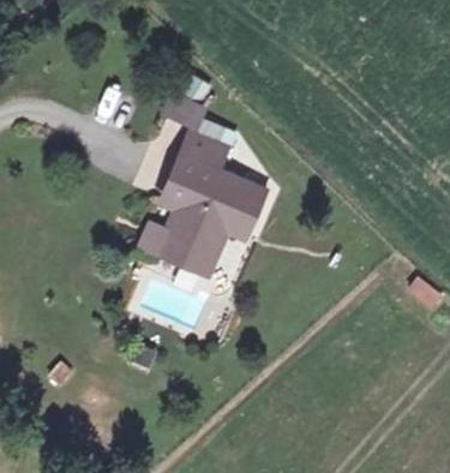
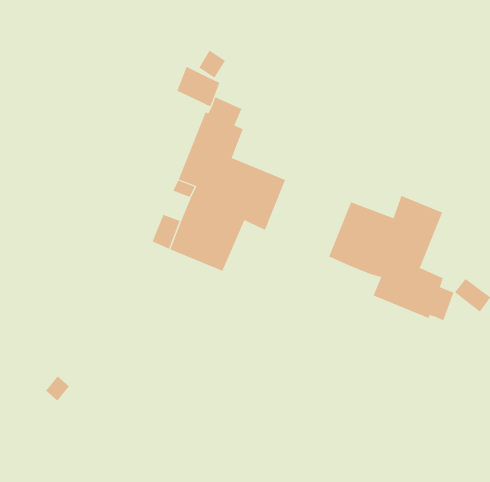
building: none -> [328,195,454,321]

